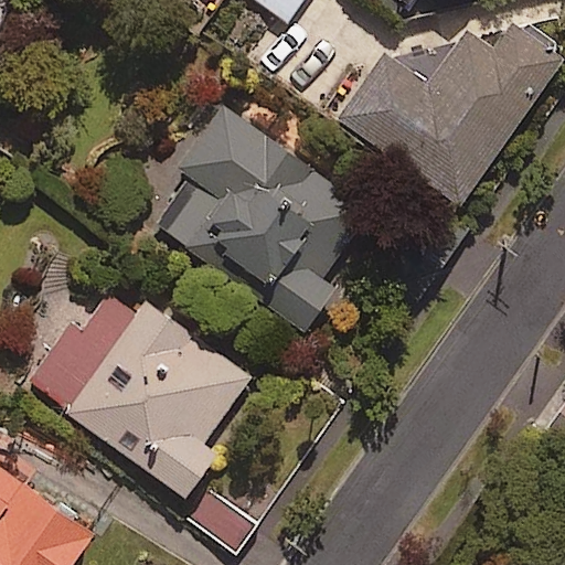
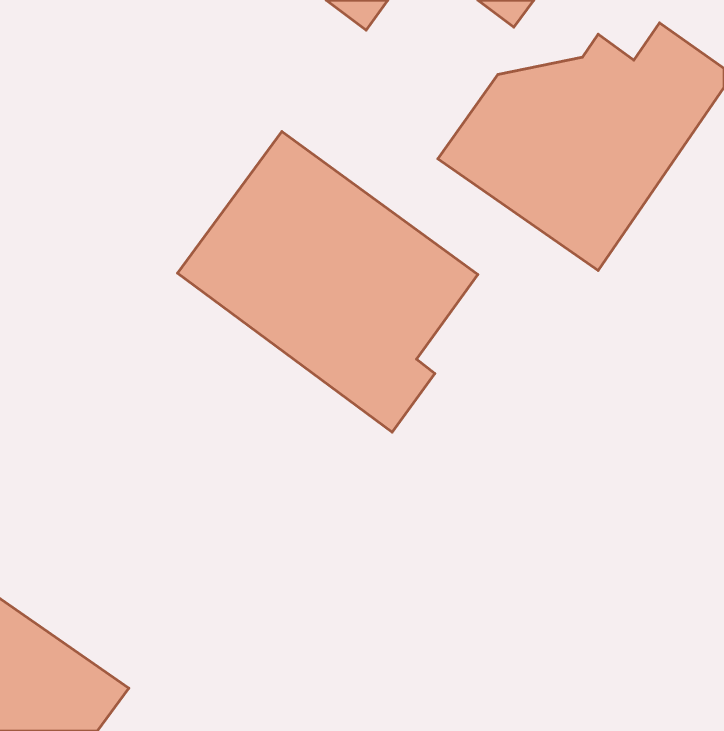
building: [19,281,249,499] -> none

